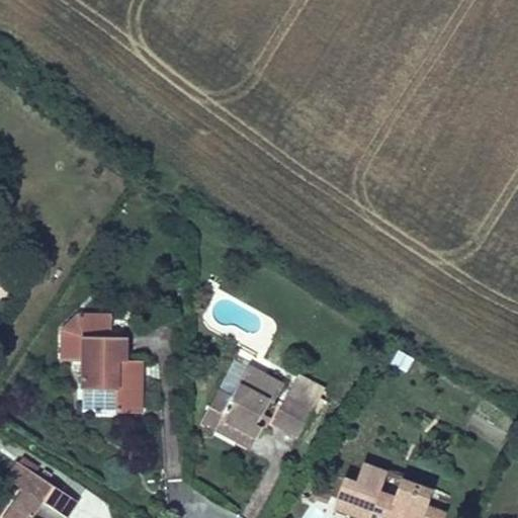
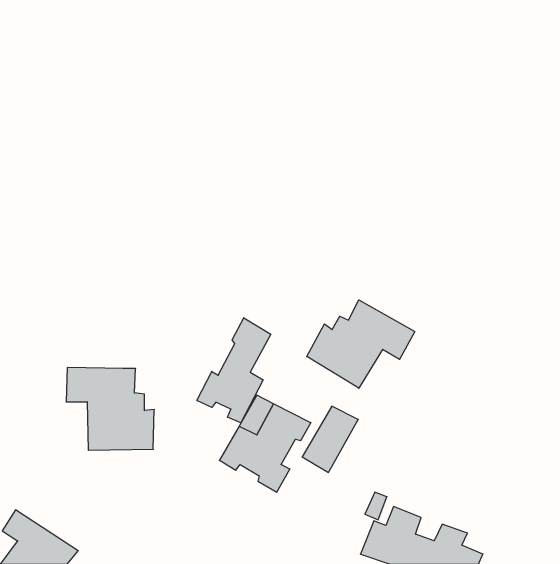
building: none -> [307,300,415,388]
building: none -> [197,318,271,423]
building: [62,317,113,338] -> none

